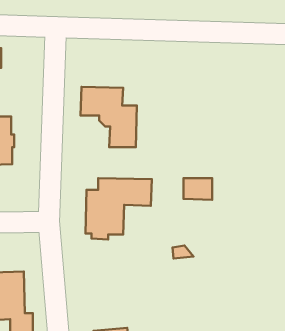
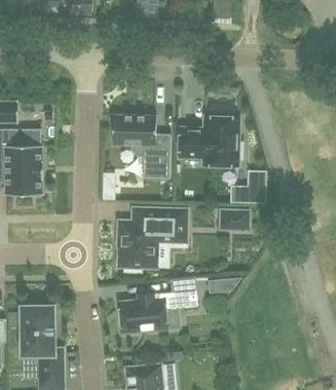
building: none -> [179,116,242,164]
building: none -> [231,171,265,202]
building: none -> [119,288,197,333]

